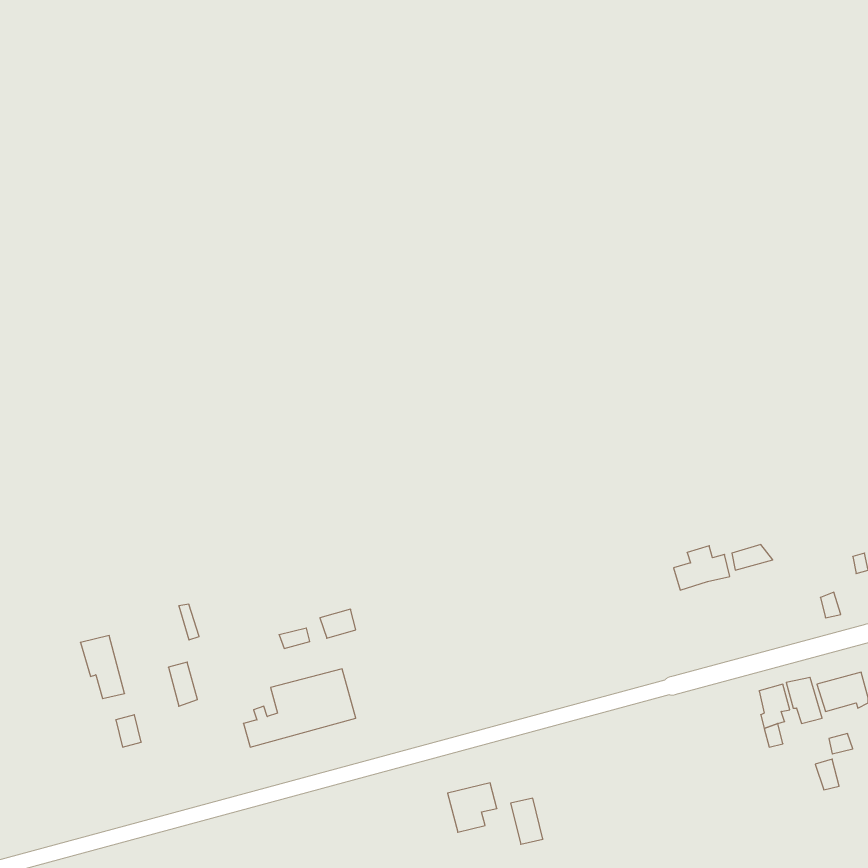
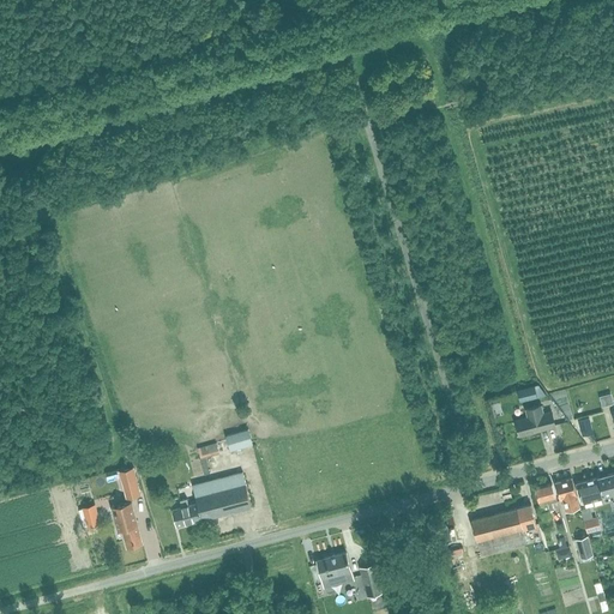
building: [674,546,730,590] -> [514,405,554,437]
building: [80,636,125,699] -> [110,502,142,547]
building: none -> [470,505,535,555]

